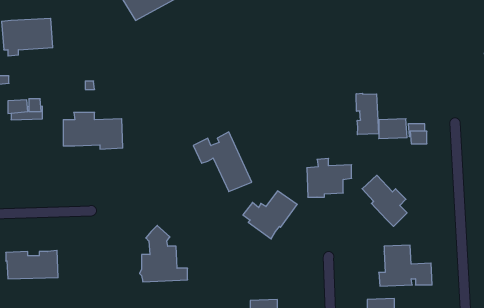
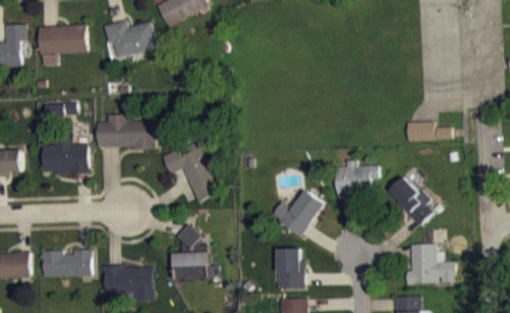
building: none -> [103,20,156,58]
building: [356,93,379,135] -> none
building: [193,132,252,192] -> [162,142,219,200]
building: none -> [42,136,90,175]
building: none -> [276,248,303,288]
building: none -> [103,265,154,301]

